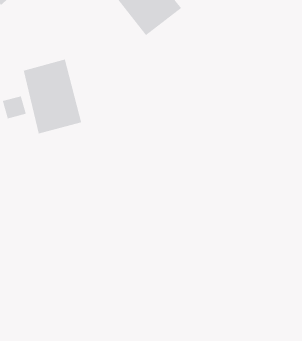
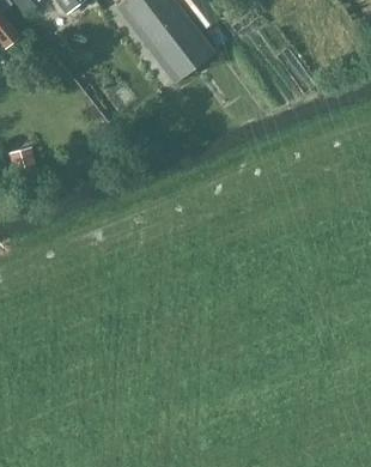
building: [23,59,82,134] -> none

